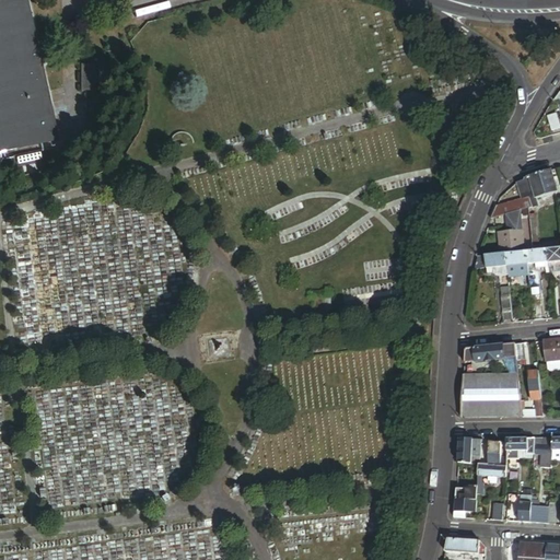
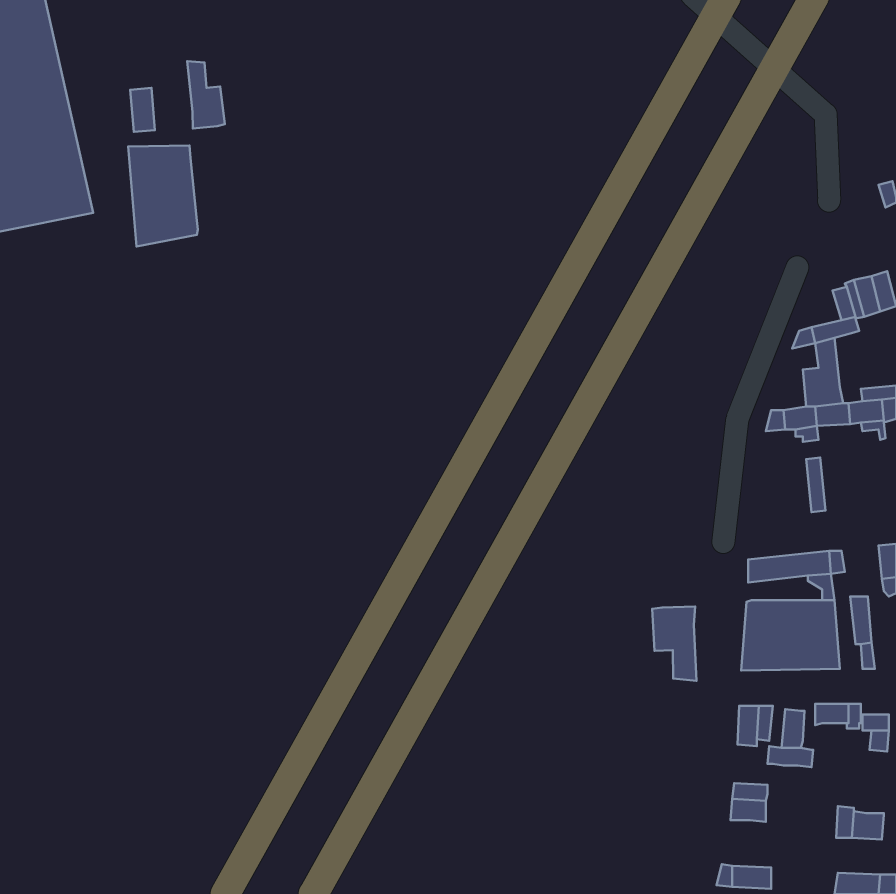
building: none -> [187,61,225,128]
building: none -> [128,146,198,247]
building: none -> [652,607,696,681]

